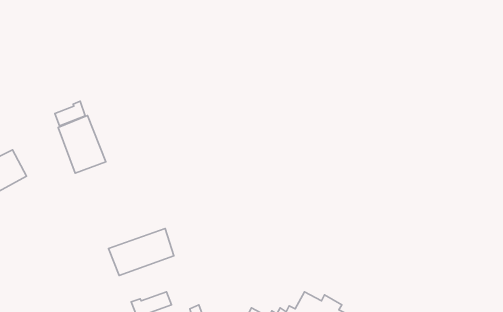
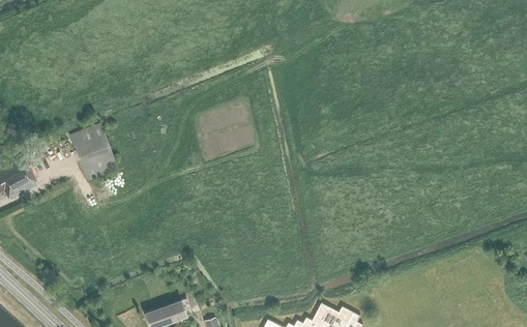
building: [55,101,85,126] -> none
building: [109,229,174,276] -> none

